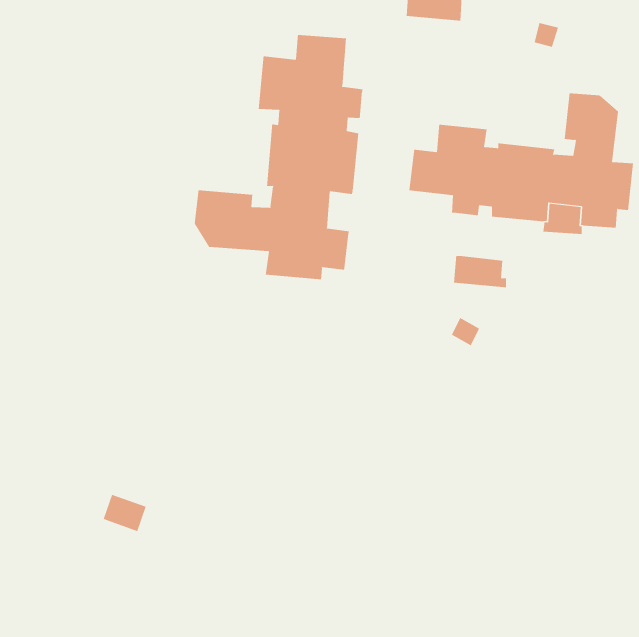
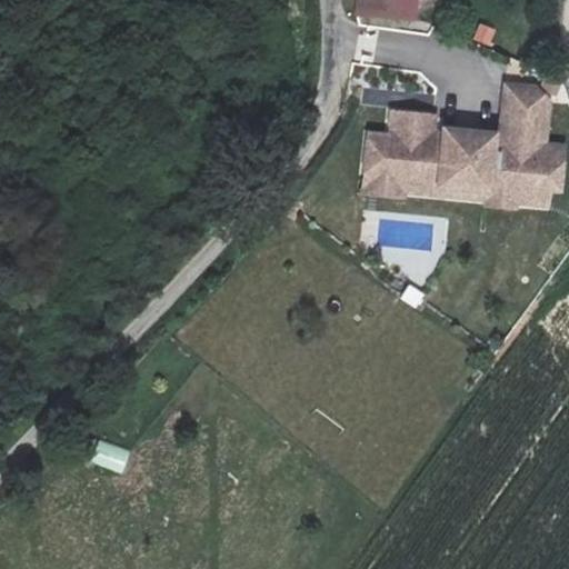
building: [194,34,363,280] -> none
building: [453,255,507,288] -> [358,169,406,198]

